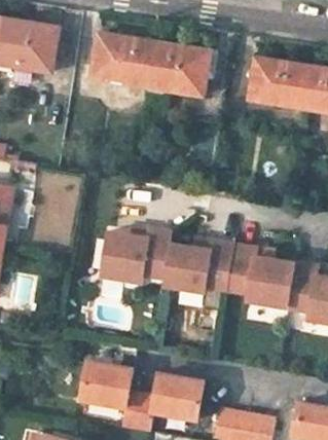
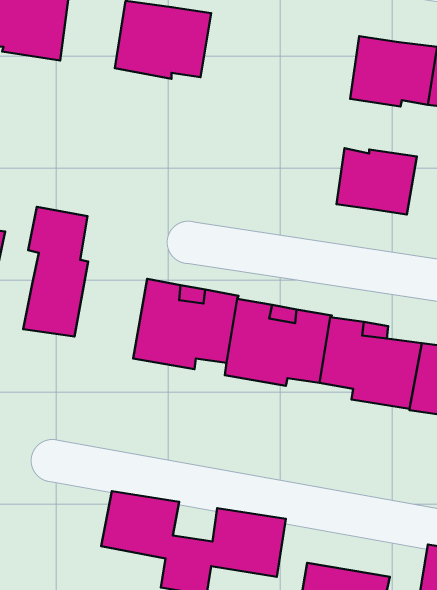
building: [146,42,211,98] -> none
building: none -> [336,148,417,214]
building: none -> [23,207,88,337]

